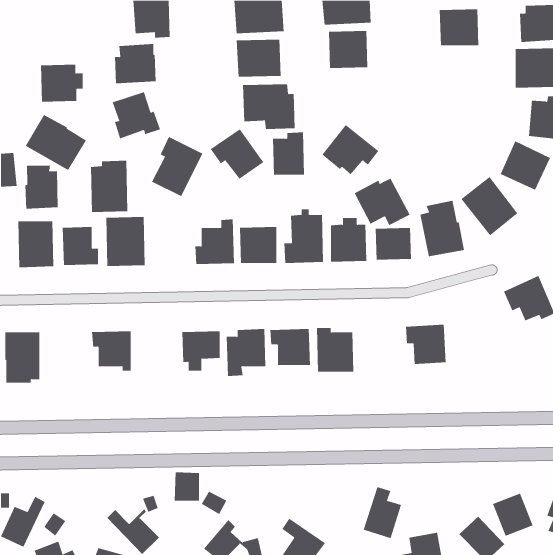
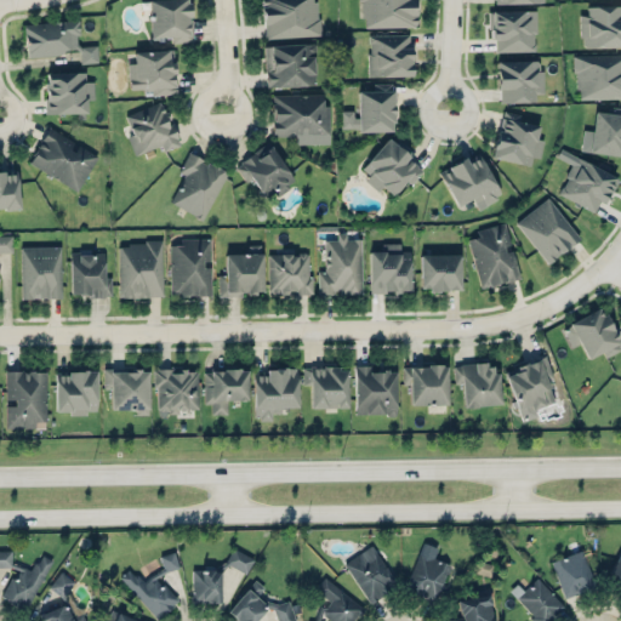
building: none -> [25,21,99,64]
building: none -> [498,61,545,103]
building: none -> [495,112,546,166]
building: [272,132,305,175] -> [359,84,395,132]
building: [90,160,128,212] -> [171,239,213,297]
building: [25,165,58,209] -> none
building: [354,178,410,226] -> [440,155,503,209]
building: none -> [507,359,559,422]
building: none -> [404,366,449,405]
building: none -> [156,370,200,412]
building: none -> [57,371,98,414]
building: [174,472,200,501] -> [193,570,222,603]
building: none -> [347,546,397,602]

